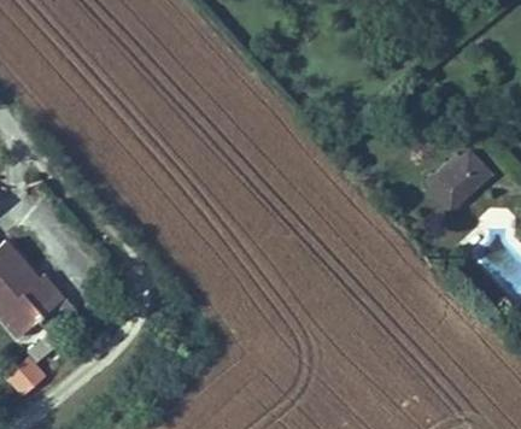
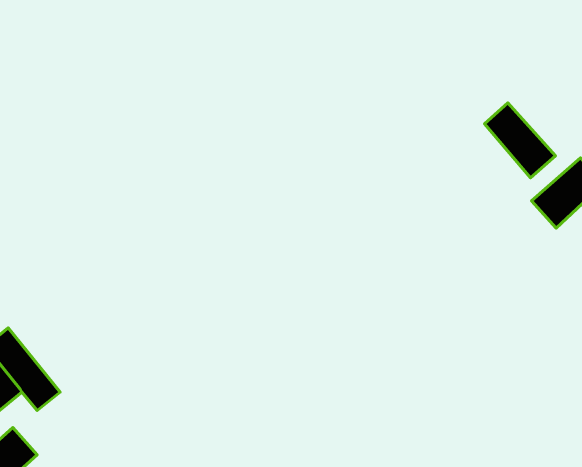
building: none -> [485,103,556,178]

